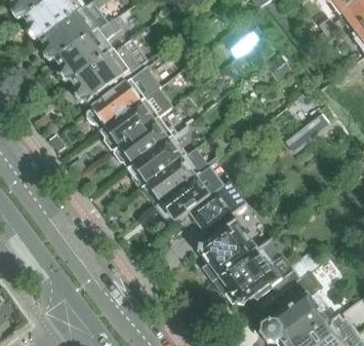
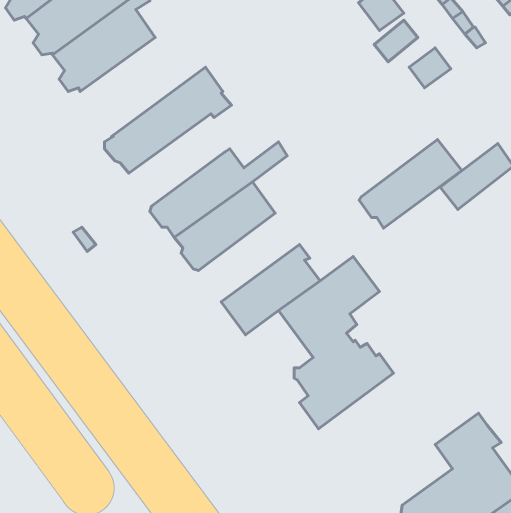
building: [74,38,149,103] -> none
building: [103,94,159,149] -> none
building: [143,153,203,205] -> [359,139,462,228]
building: [214,241,320,302] -> none

